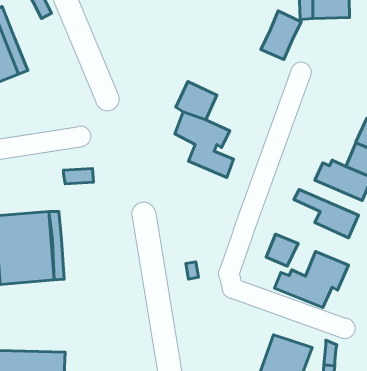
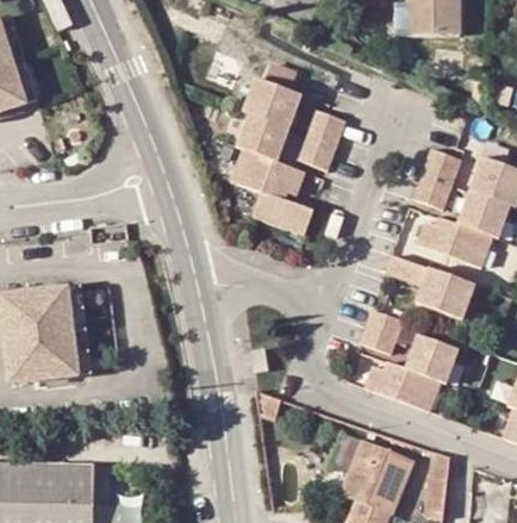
building: [261,11,301,59] -> [293,110,345,173]
building: none -> [245,81,301,131]
building: none -> [412,147,461,207]

